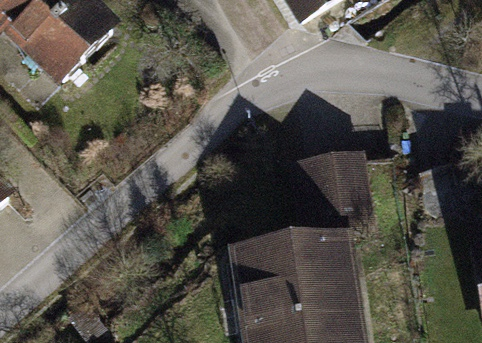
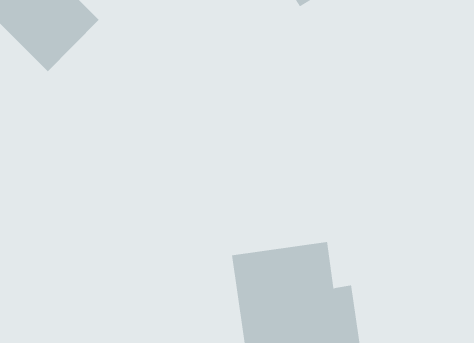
building: [308,158,367,233] -> none

